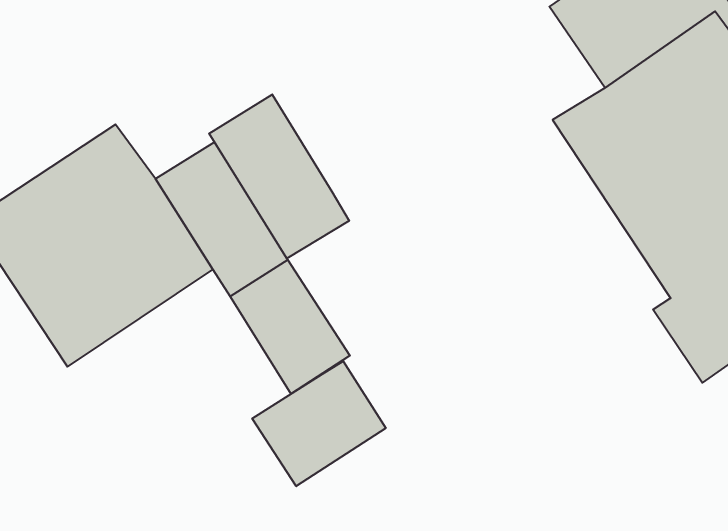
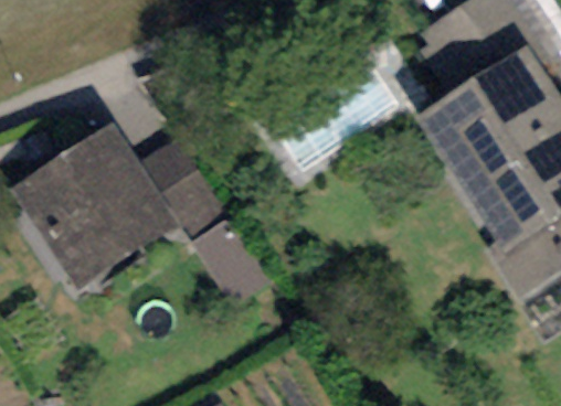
building: [209,94,349,258] -> none
building: [252,361,386,486] -> none

